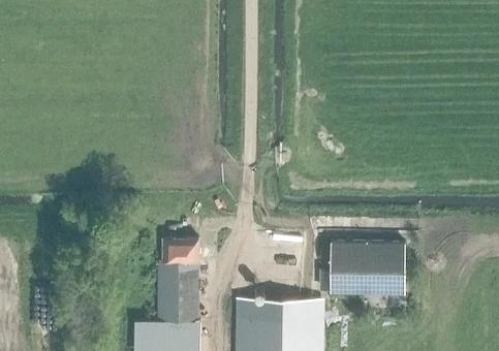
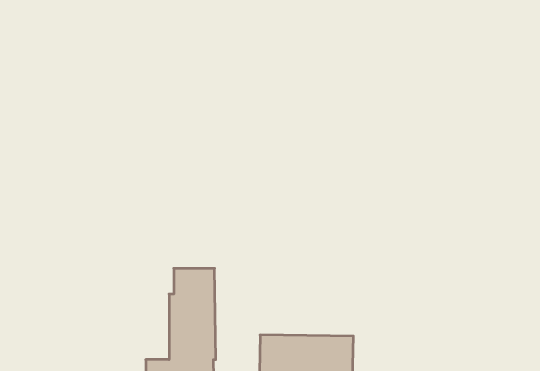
building: [331,244,405,294] -> none

